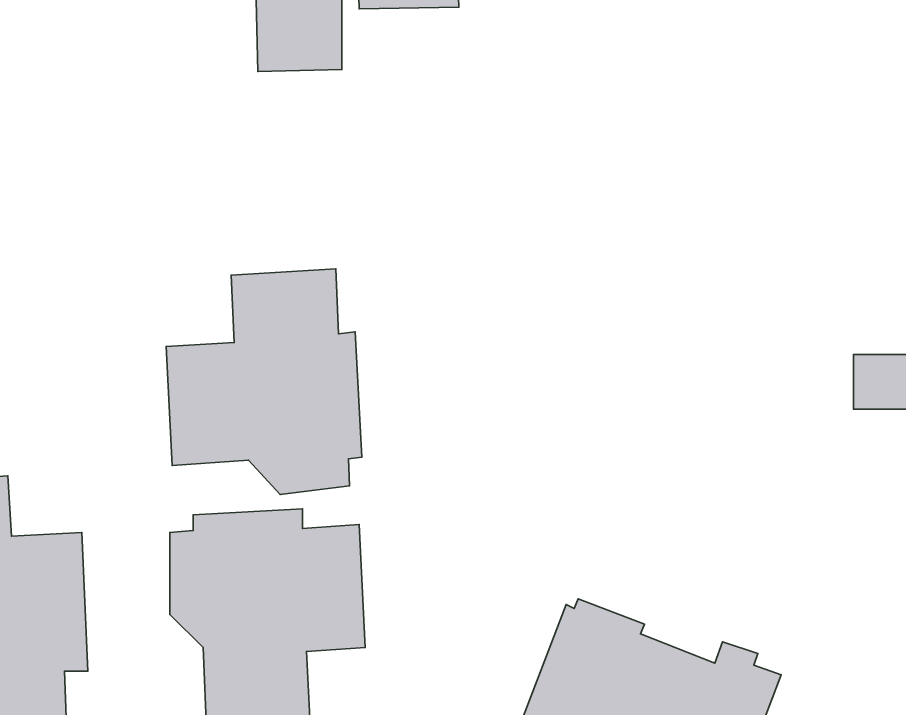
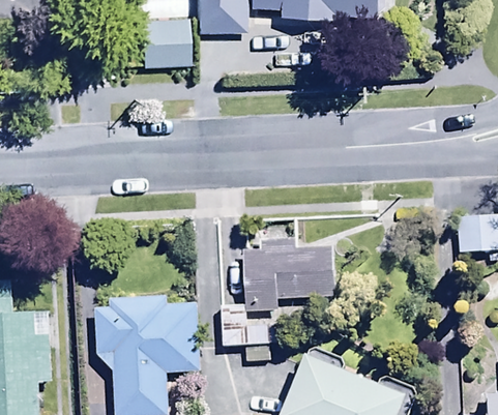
building: [166,269,362,495] -> none
building: none -> [219,223,332,366]

